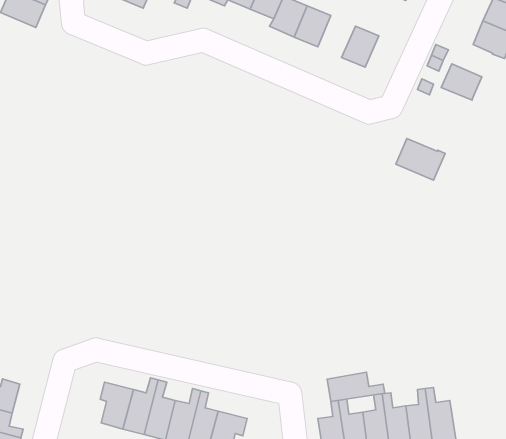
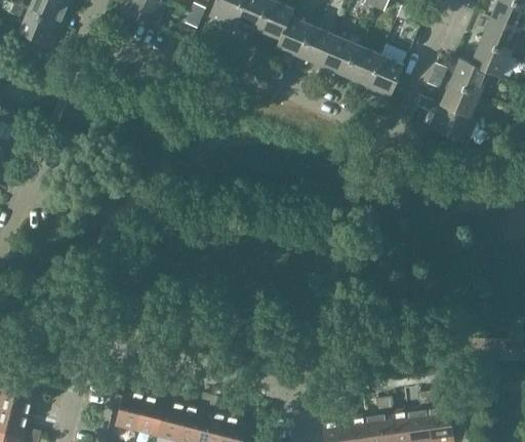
building: none -> [321,36,357,76]
building: none -> [363,55,402,102]
building: none -> [449,58,488,94]
building: [396,138,445,180] -> [429,105,476,145]
building: [327,372,385,401] -> none

